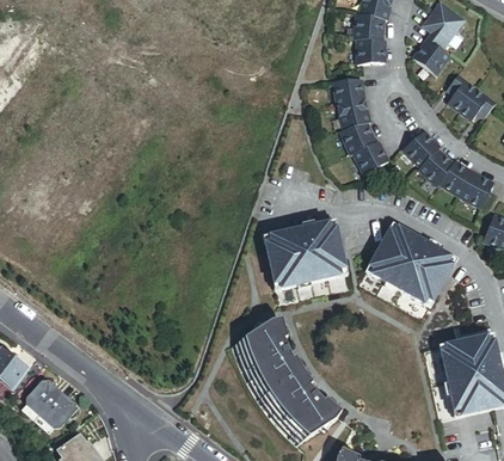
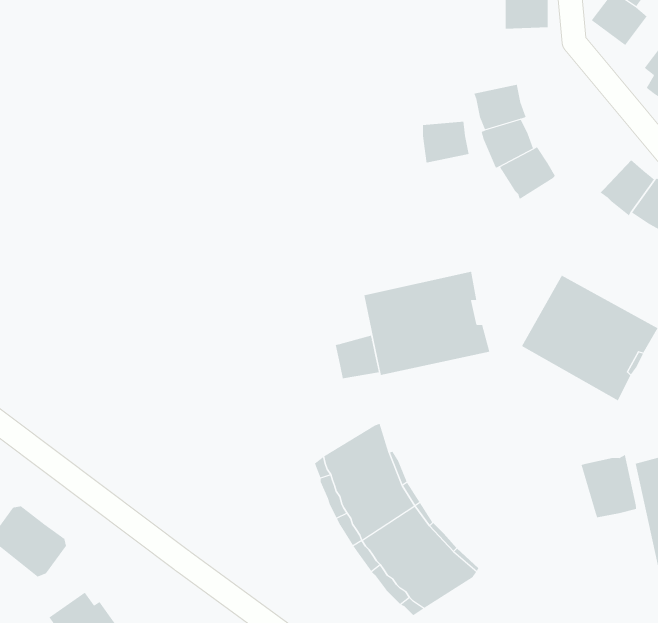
building: [333,78,364,105] -> [422,121,470,163]
building: [402,130,440,167] -> none
building: none -> [335,335,380,379]
building: none -> [581,454,636,518]

